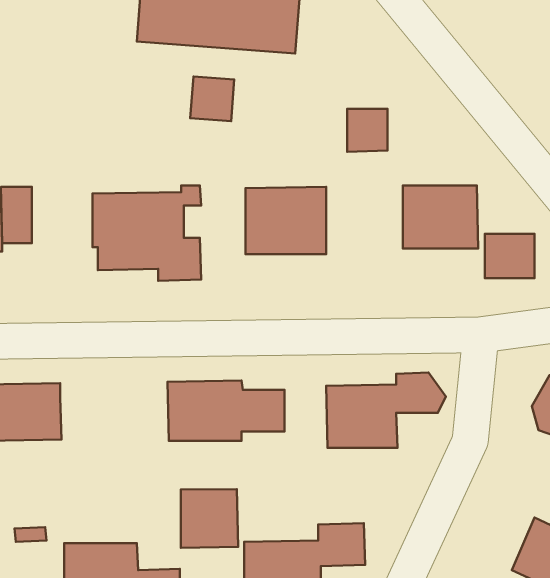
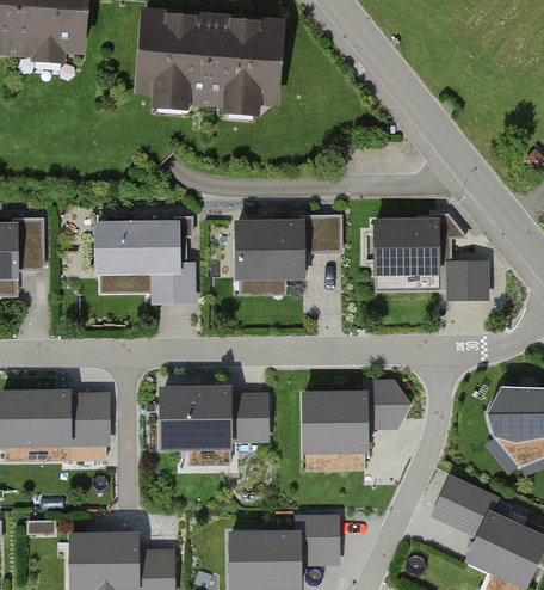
building: [190,77,234,121] -> none
building: [347,109,387,152] -> [305,215,341,253]
building: none -> [68,406,109,461]
building: none -> [435,478,487,527]
building: [181,489,238,548] -> none

